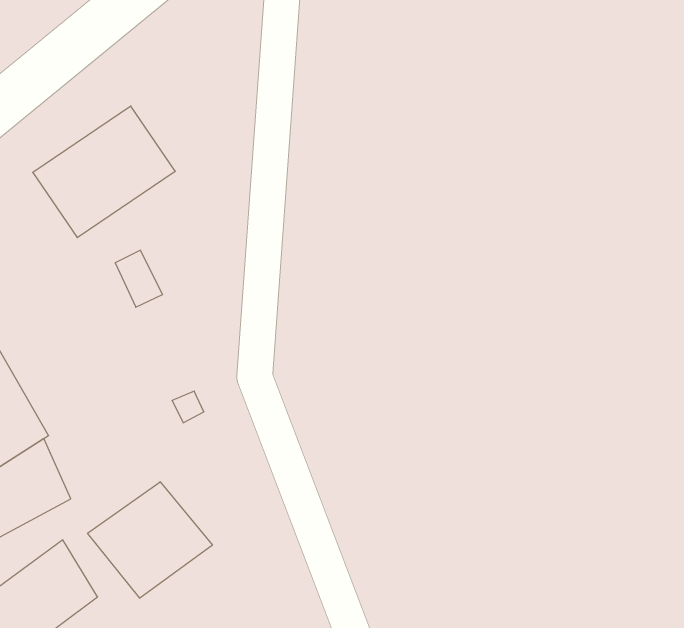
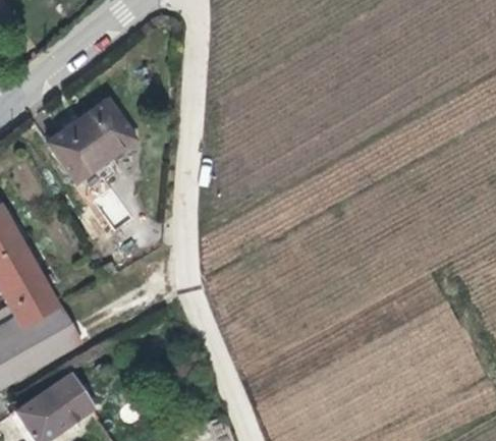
building: [88,482,212,598] -> none

